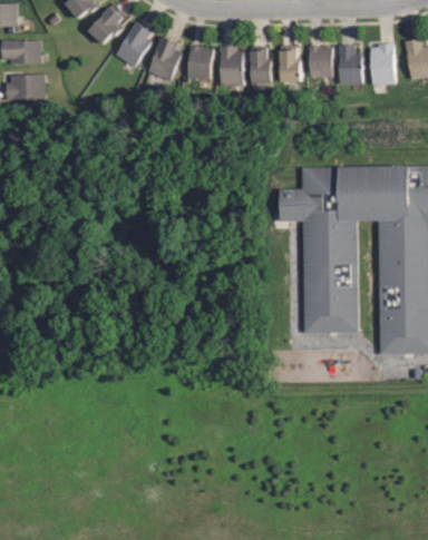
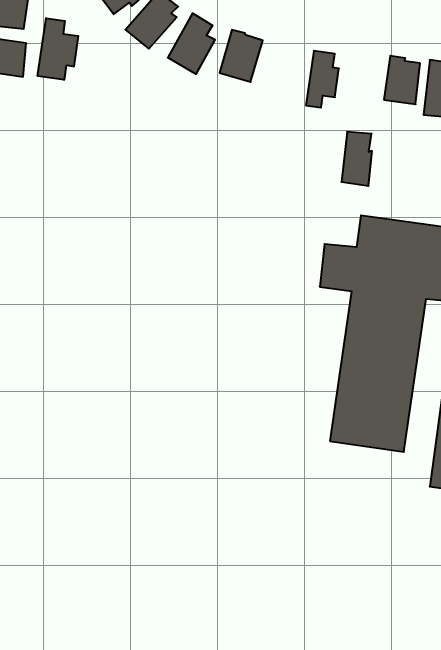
building: [279,46,300,84] -> [341,132,372,186]
building: [220,48,243,86] -> none
building: none -> [38,18,78,80]

